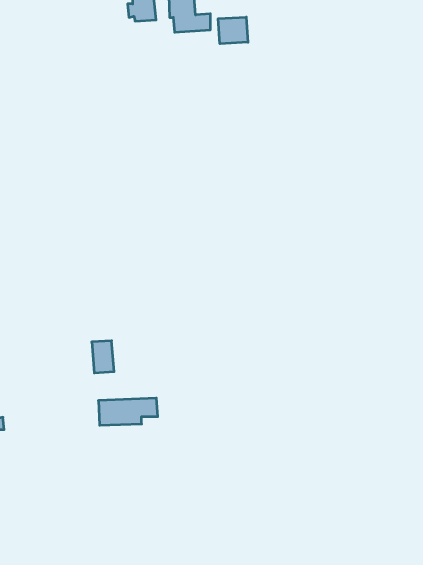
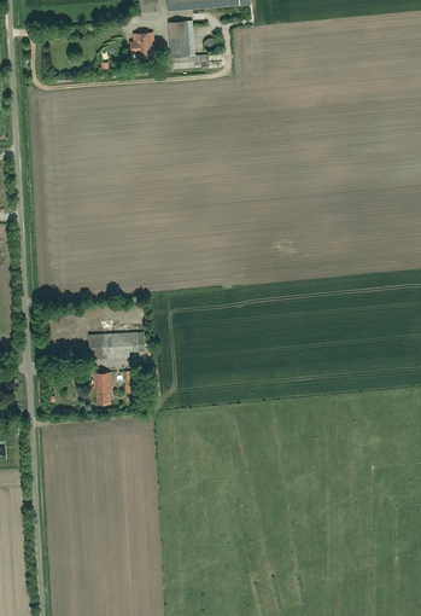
building: [218,17,248,44] -> none
building: [98,398,158,425] -> [86,331,144,358]

